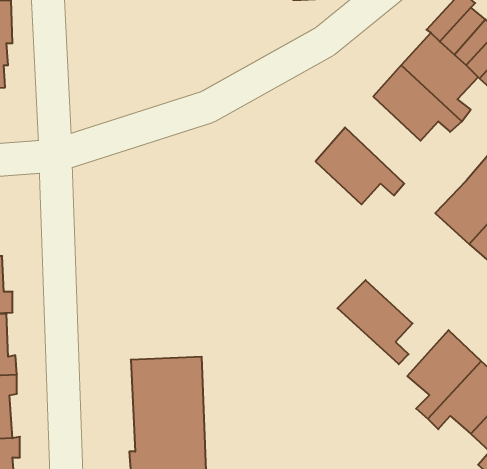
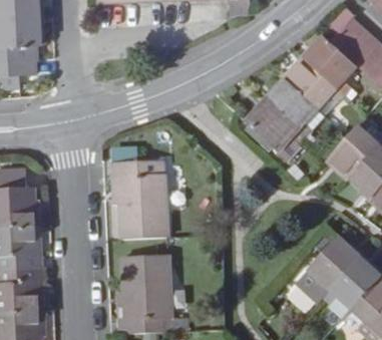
building: none -> [266,80,326,139]
building: none -> [113,161,168,241]
building: [337,280,413,364] -> none

